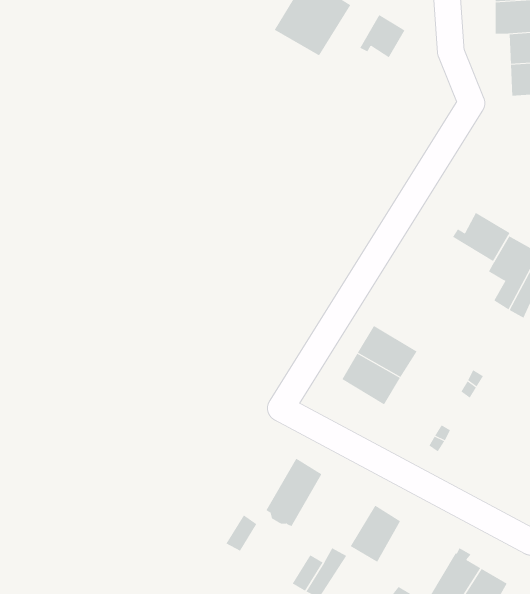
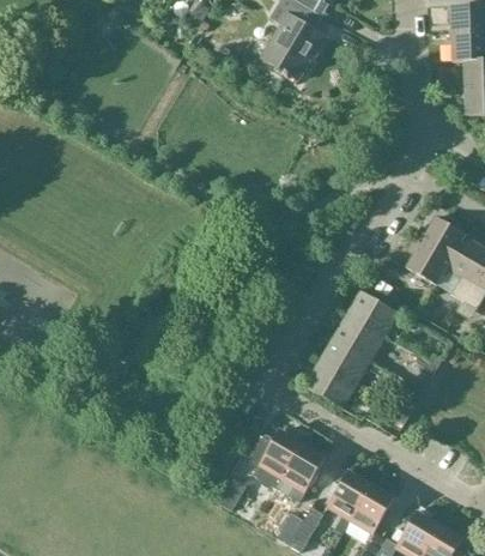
building: [359,14,405,58] -> none
building: none -> [406,236,450,283]
building: none -> [346,289,398,336]
building: none -> [304,359,356,406]
building: none -> [275,442,325,501]
building: none -> [350,483,394,532]

